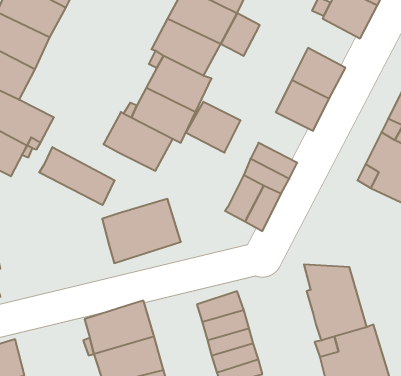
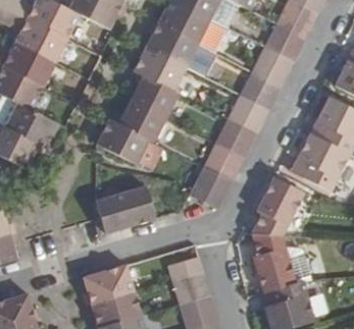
building: none -> [253,47,293,85]
building: [186,102,241,153] -> [215,118,257,157]
building: [39,147,115,205] -> none
building: none -> [250,176,306,236]

